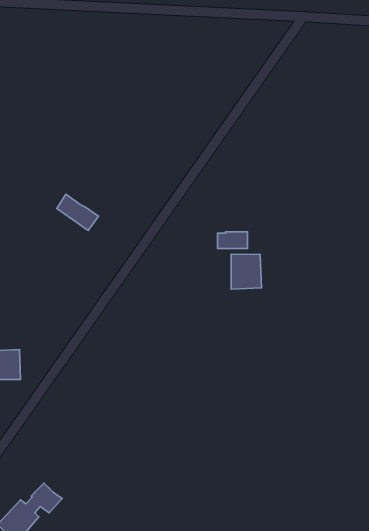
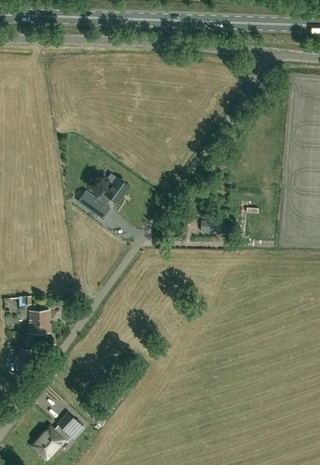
building: none -> [96,173,130,203]
building: [231,254,261,289] -> none

